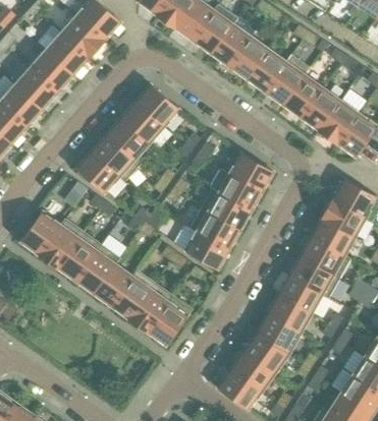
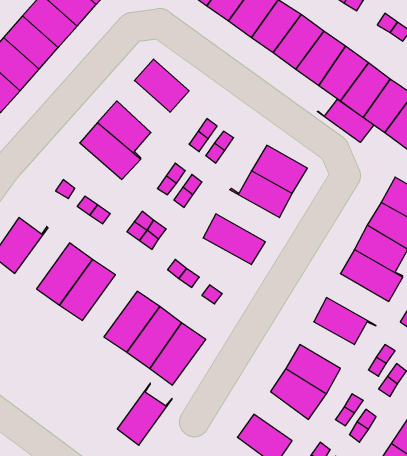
building: [120,101,163,142] -> none
building: none -> [317,99,374,142]
building: [75,151,124,192] -> none
building: [200,188,251,230] -> none
building: [39,219,83,267] -> none
building: [184,227,228,268] -> none
building: [288,255,338,297] -> none
building: [93,256,137,306] -> [117,383,172,445]
building: [267,294,311,332] -> none
building: [230,350,274,389] -> none

